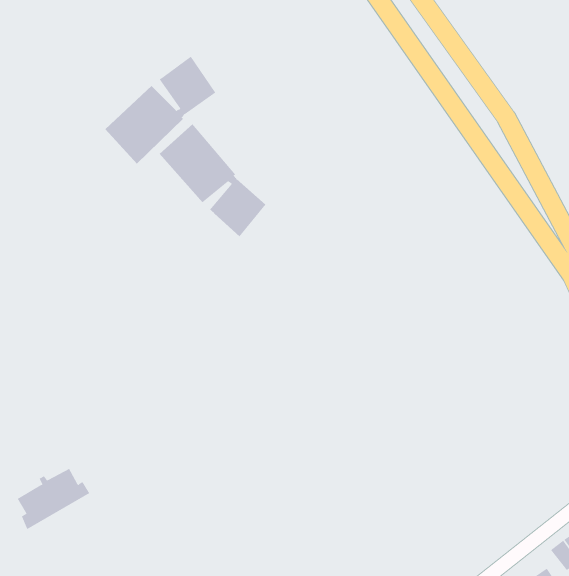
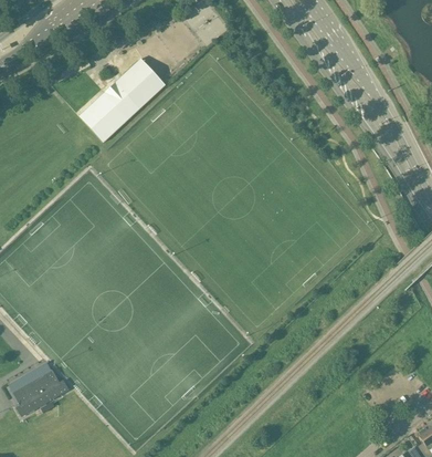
building: [159,124,266,237] -> none

